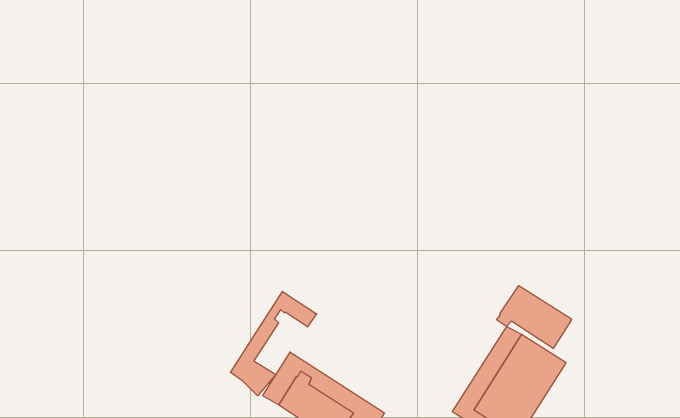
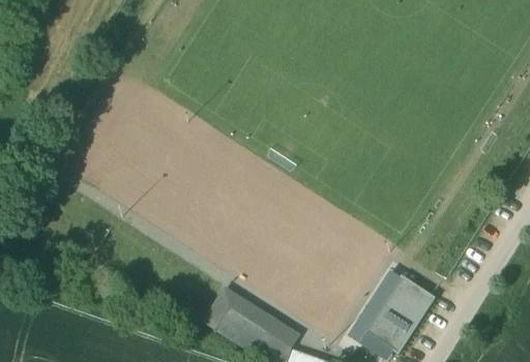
building: [497,286,572,348] -> none
building: [230,291,317,396] -> none

